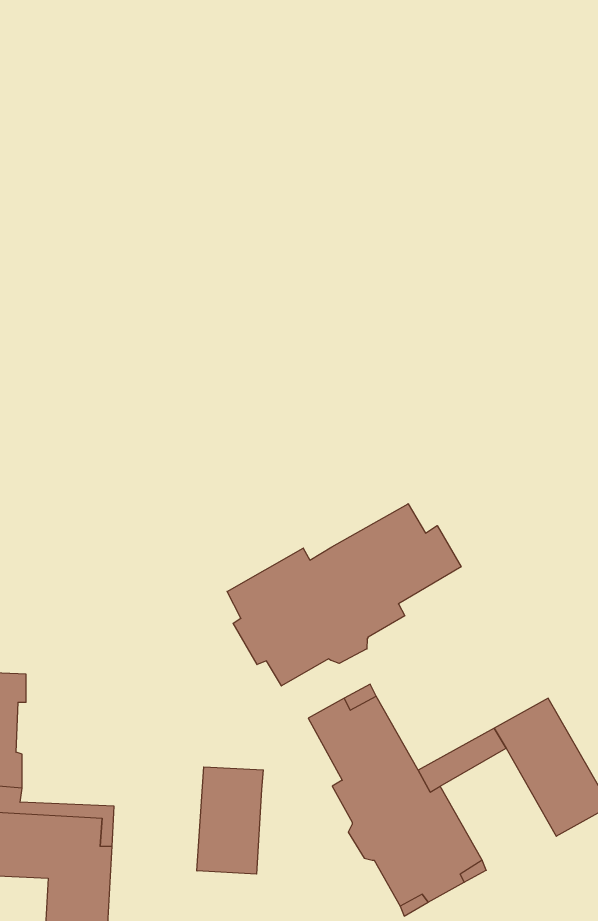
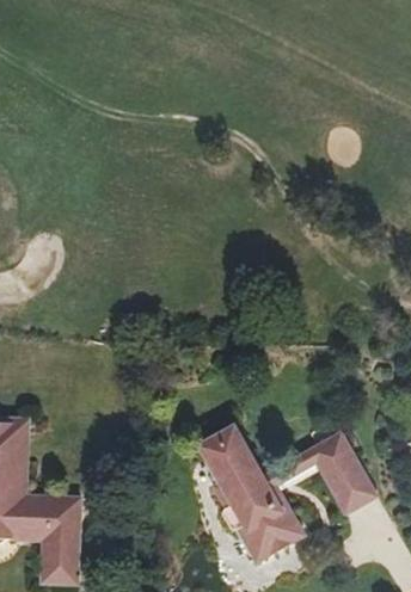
building: [227,504,461,686] -> none
building: [197,767,263,874] -> none

